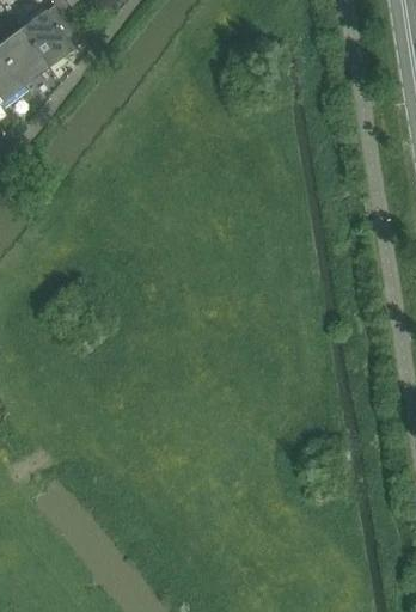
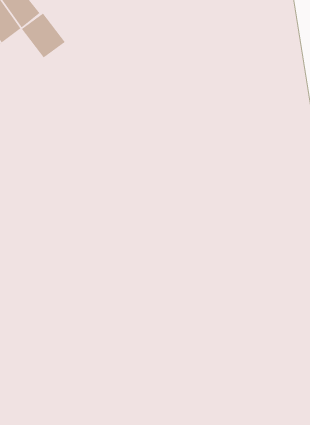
building: none -> [21,13,66,58]

